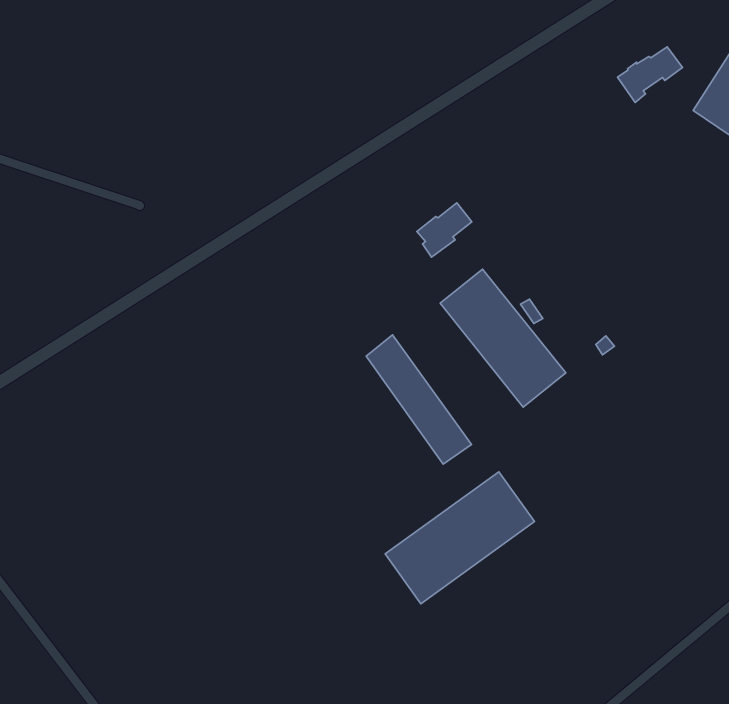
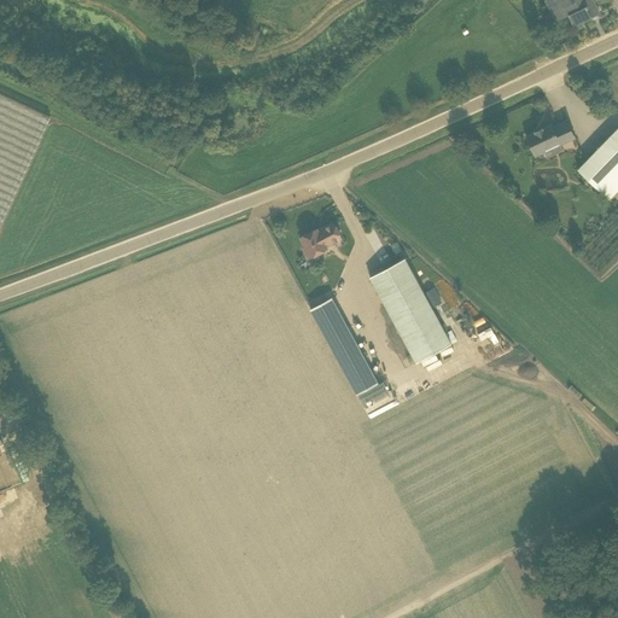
building: [417,203,472,257] -> [301,222,342,258]
building: [385,472,535,604] -> none

